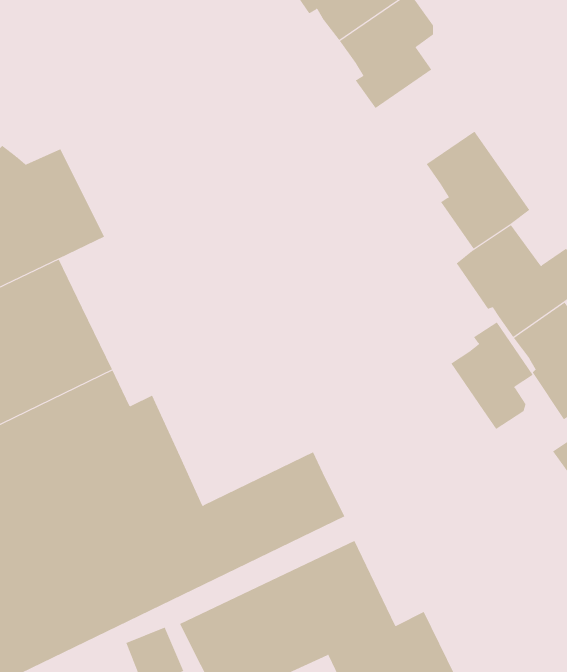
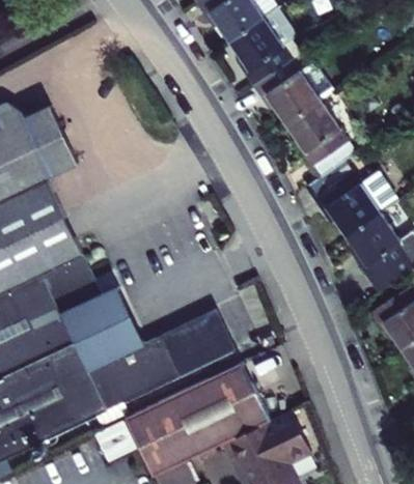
building: none -> [253,57,332,119]
building: [450,321,533,430] -> none

